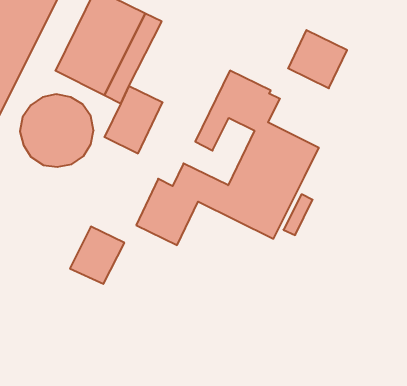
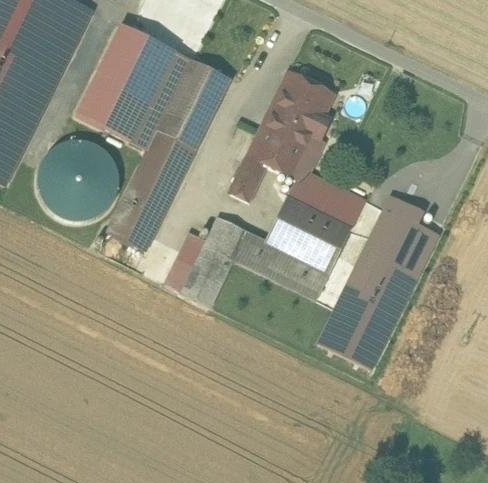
building: none -> [157,60,229,149]
building: [288,30,347,88] -> [268,72,333,136]
building: none -> [326,192,439,370]
building: [70,227,124,284] -> [107,187,167,250]

